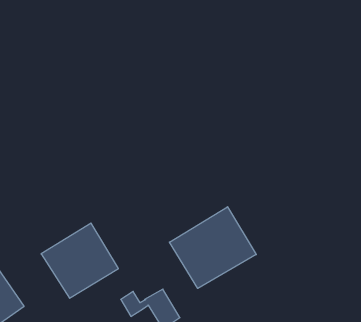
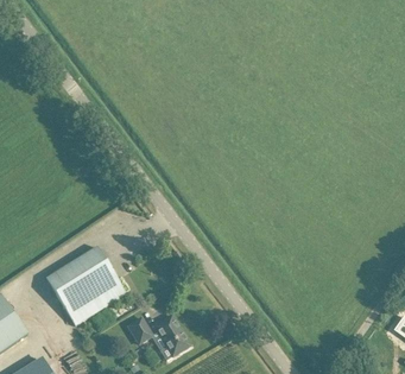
building: [169,207,256,288] -> none

